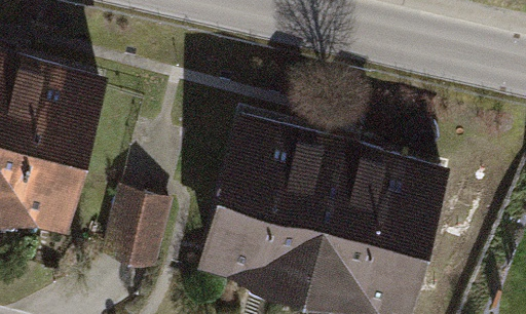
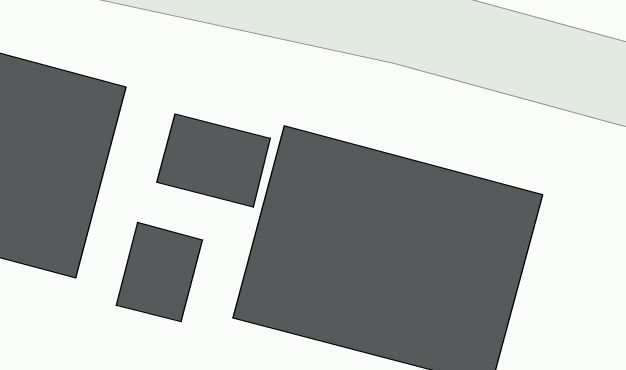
building: none -> [157,114,270,207]

